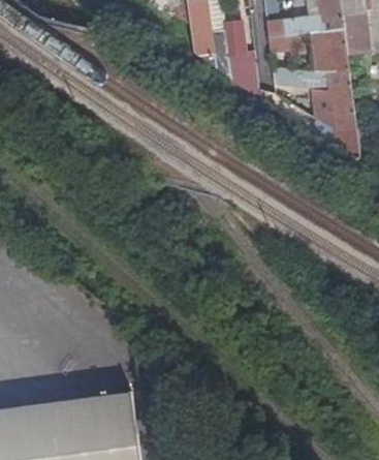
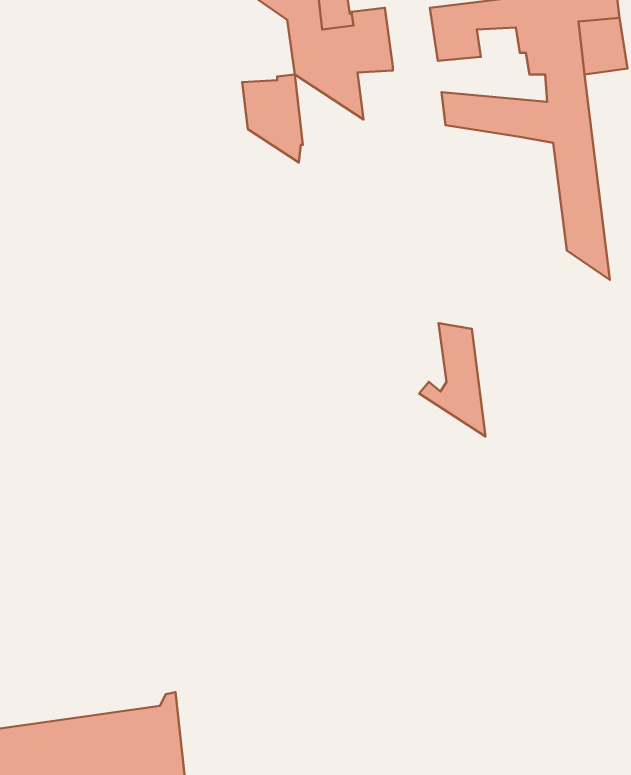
building: [227,54,259,100] -> [242,74,303,162]
building: [303,92,338,152] -> [419,323,486,436]

